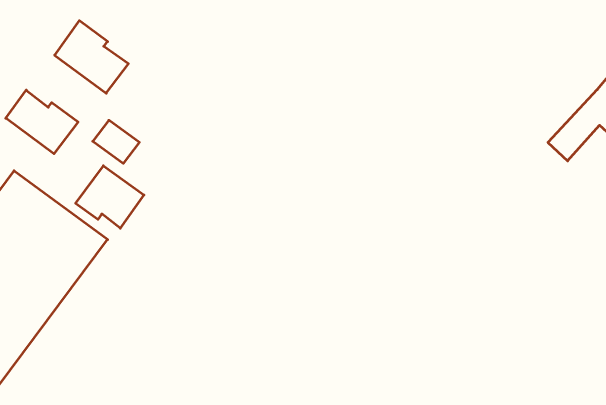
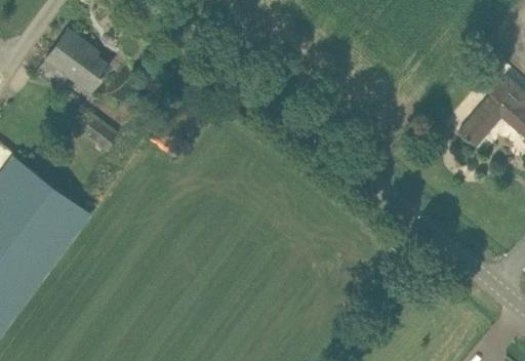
building: [6,90,78,154] -> none
building: [76,166,144,228] -> none

